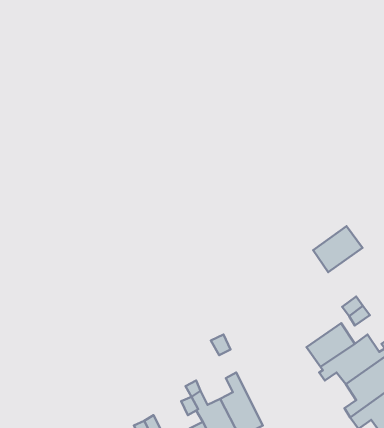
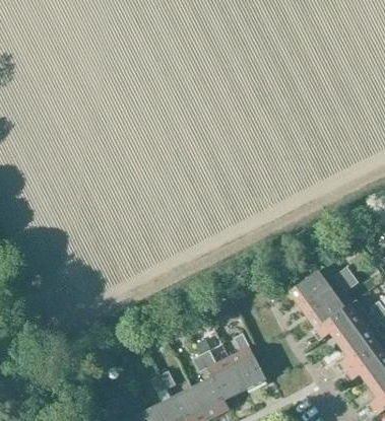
building: [313,226,363,272] -> [291,269,334,309]

